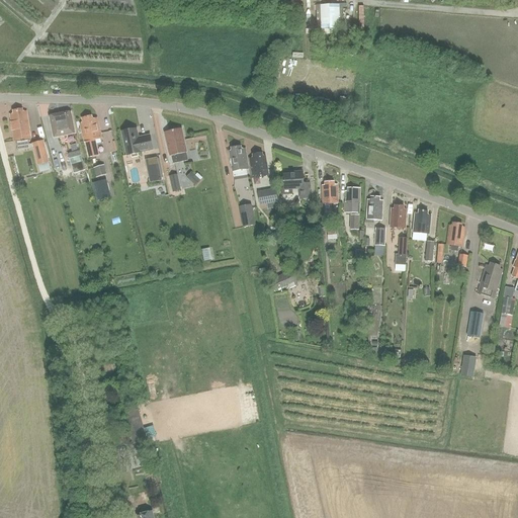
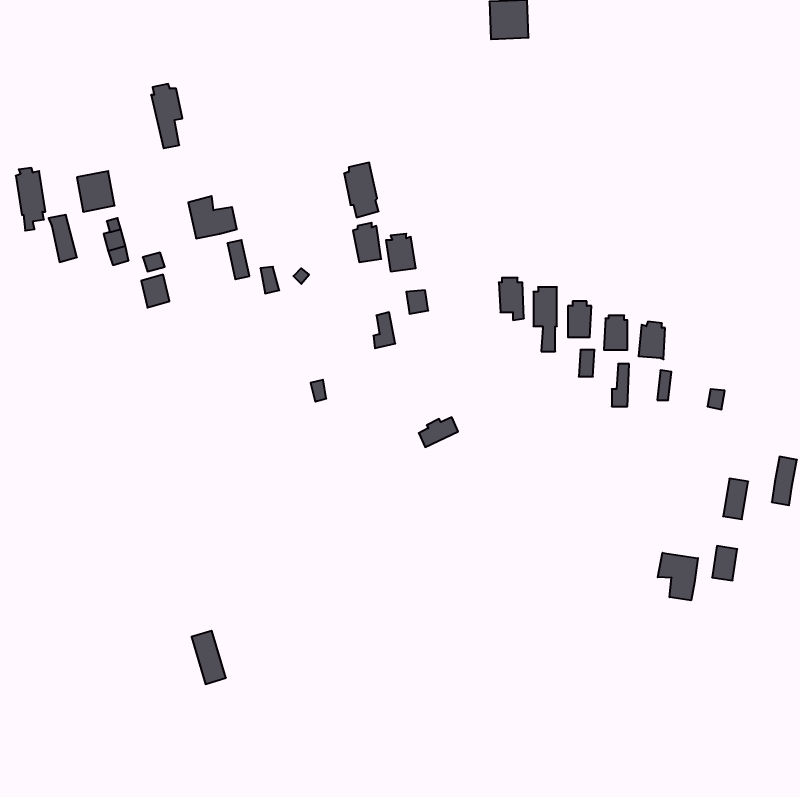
building: [80,114,100,156] -> [151,84,182,148]
building: [165,126,187,162] -> [344,163,379,217]
building: [281,170,311,196] -> none
building: [446,220,464,248] -> none
building: [478,262,502,296] -> none
building: none -> [658,553,698,600]

